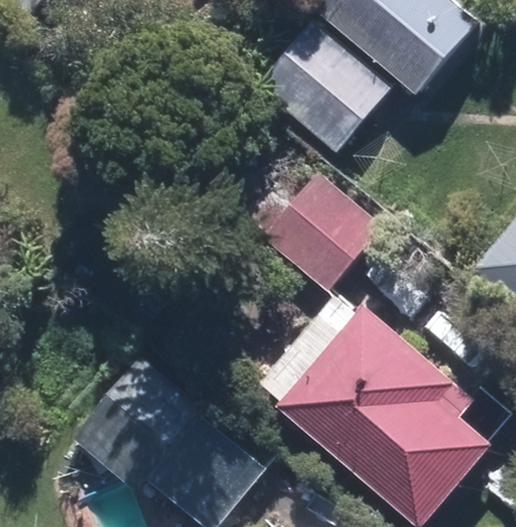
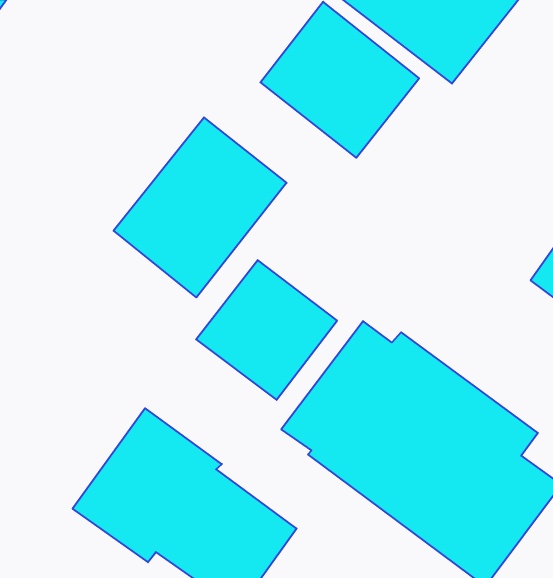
building: none -> [114,117,287,297]
building: [257,172,379,292] -> [196,260,337,400]

